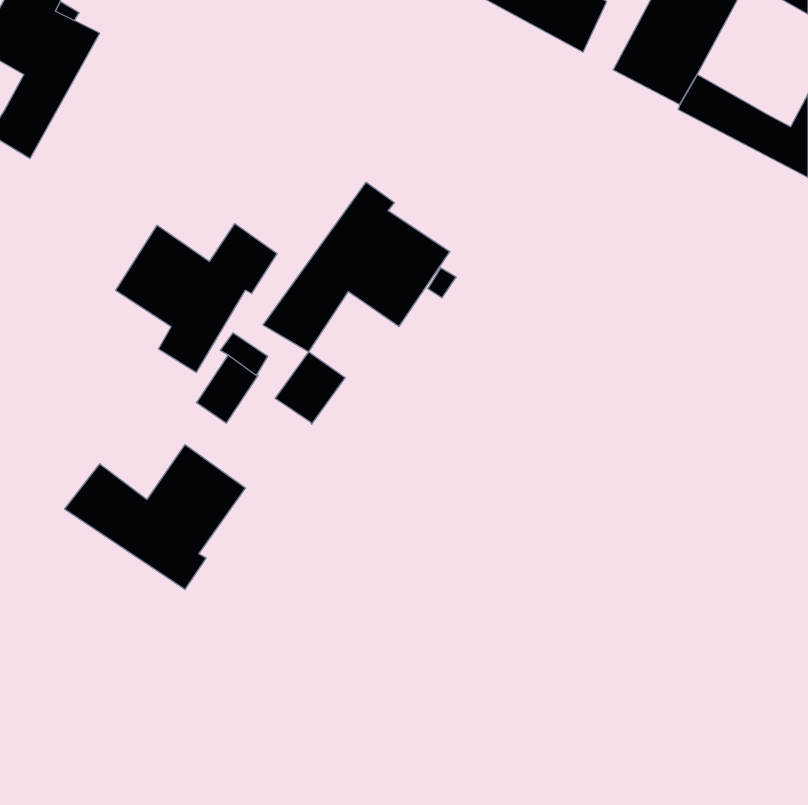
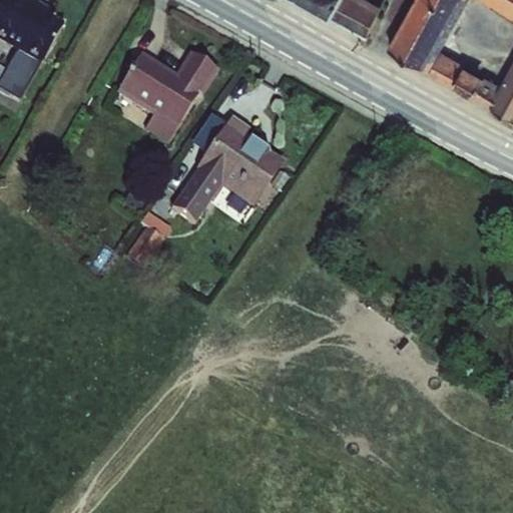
building: [116,224,277,373] -> [116,49,218,143]
building: [275,352,345,424] -> none
building: [65,445,245,590] -> none

